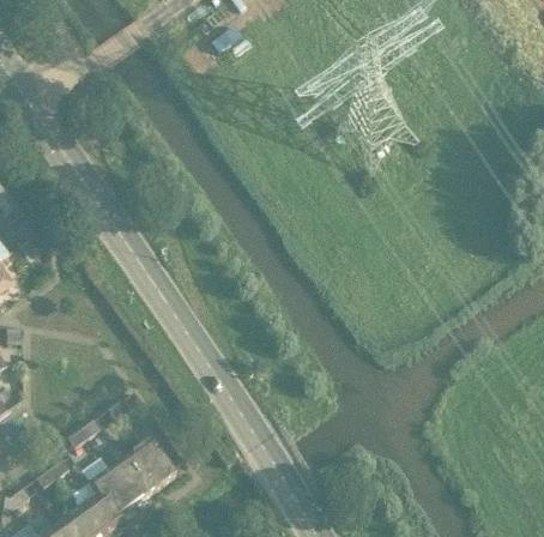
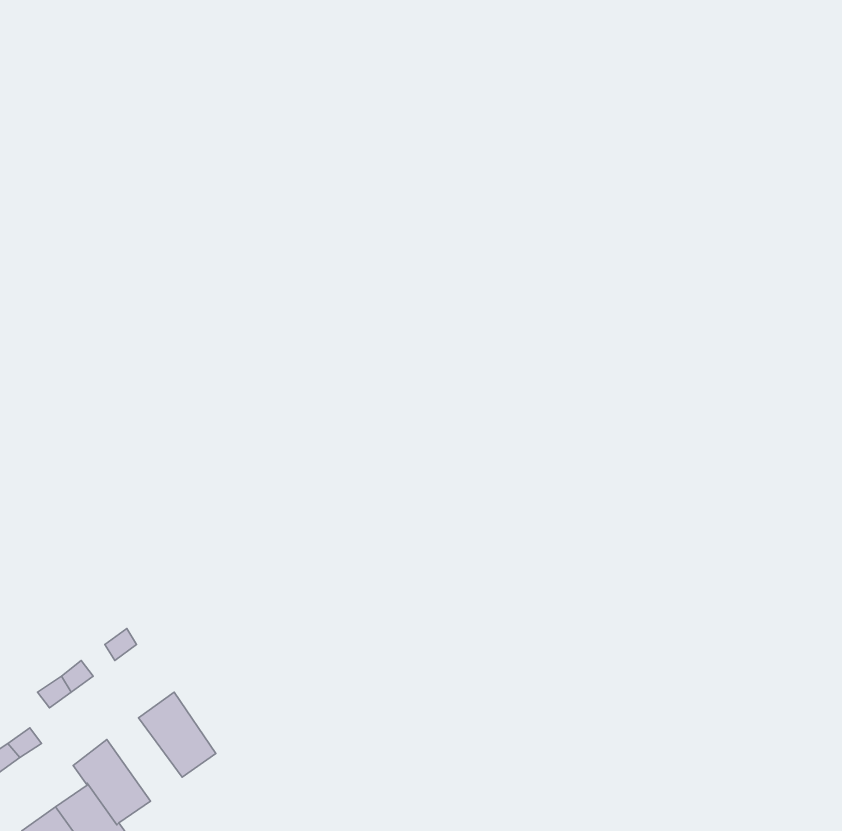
building: [98,460,144,511] -> none

